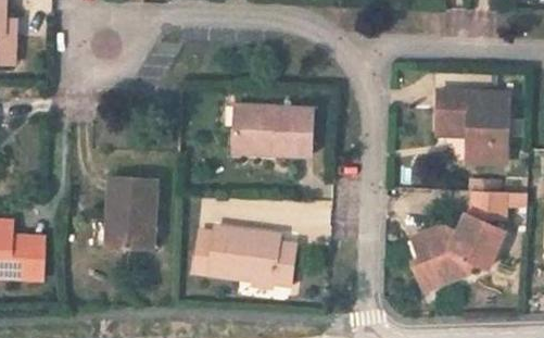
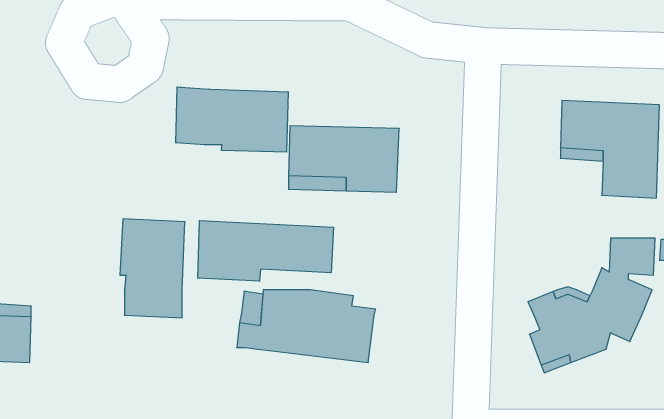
building: none -> [176,87,288,152]
building: none -> [198,221,333,281]

